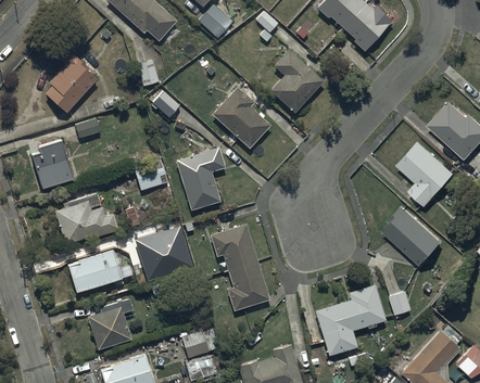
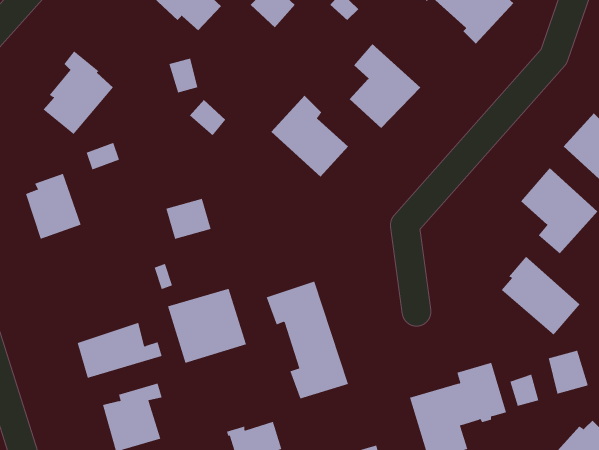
building: [176,146,225,209] -> none
building: [56,196,118,248] -> none
building: none -> [548,350,588,395]

